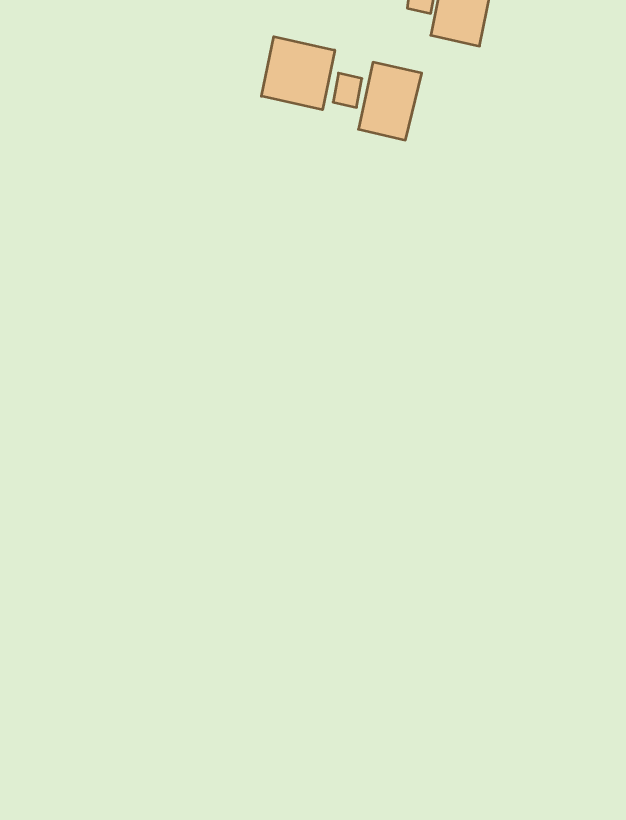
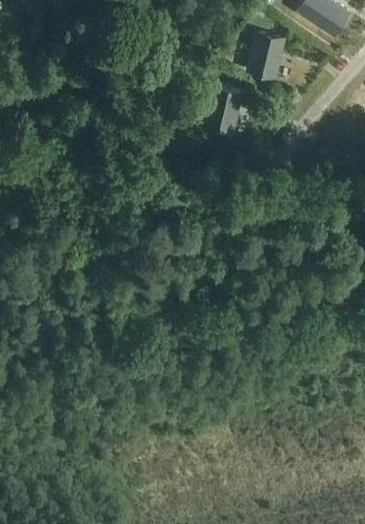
building: [261,37,335,110] -> none

